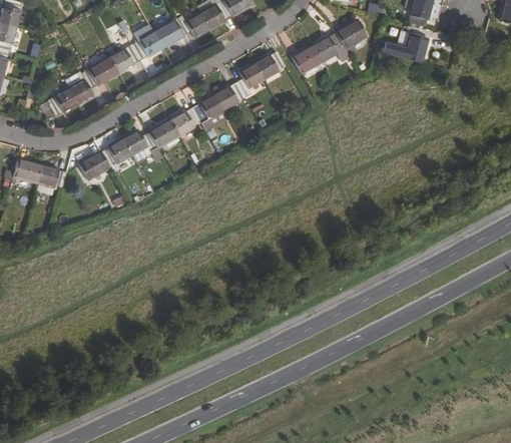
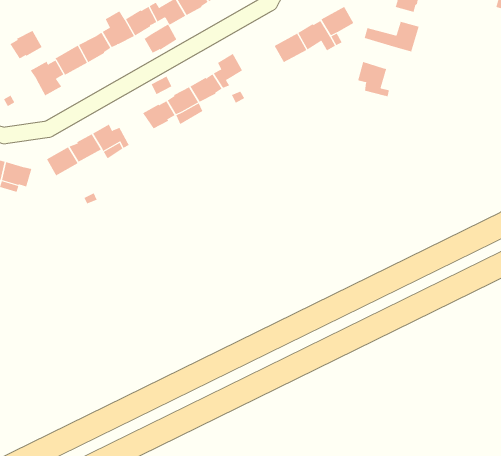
building: none -> [144,24,177,53]
building: [254,52,286,80] -> none
building: none -> [357,61,390,97]
building: [47,88,78,115] -> [9,30,43,59]
building: [147,120,179,148] -> none

